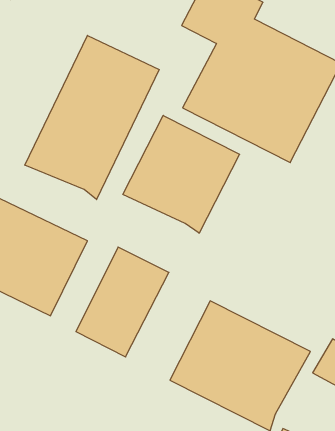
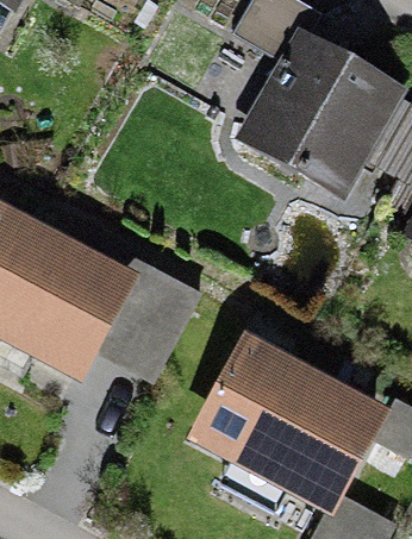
building: [25,35,159,200] -> none
building: [123,115,240,233] -> none

